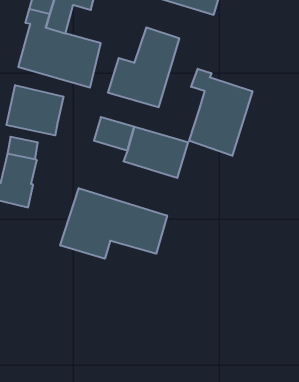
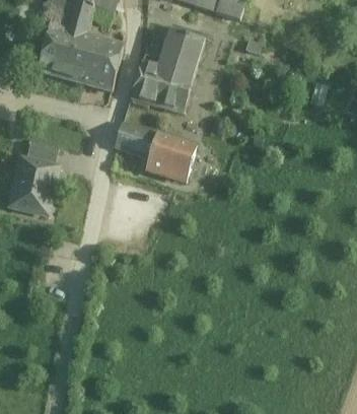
building: [189,69,252,156] -> none
building: [6,85,63,135] -> none
building: [60,188,167,259] -> none

